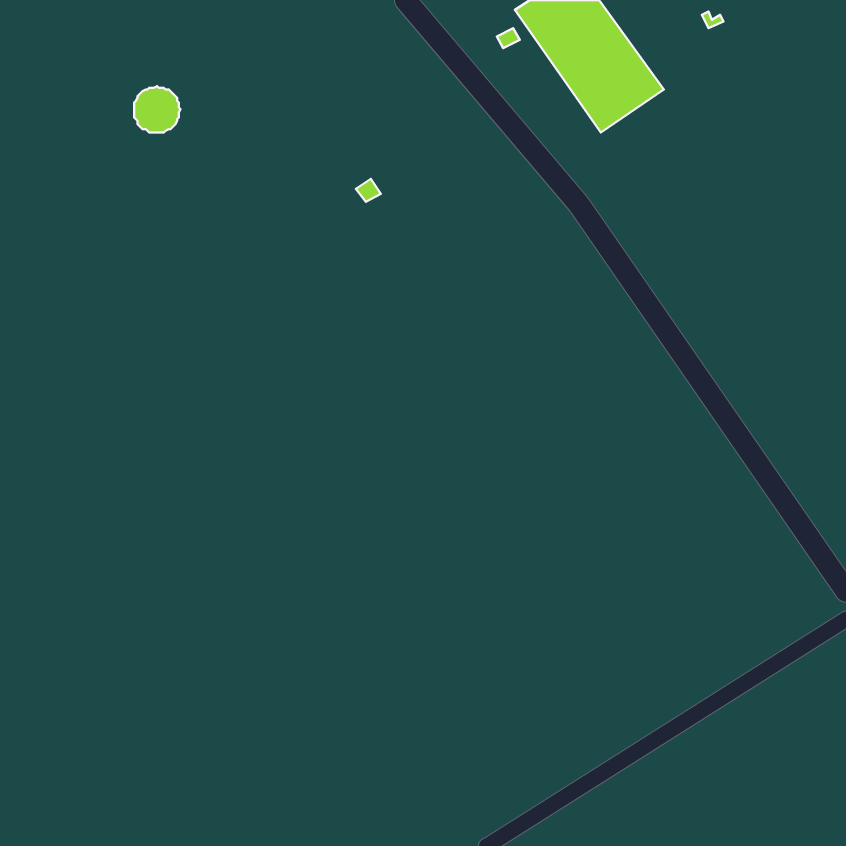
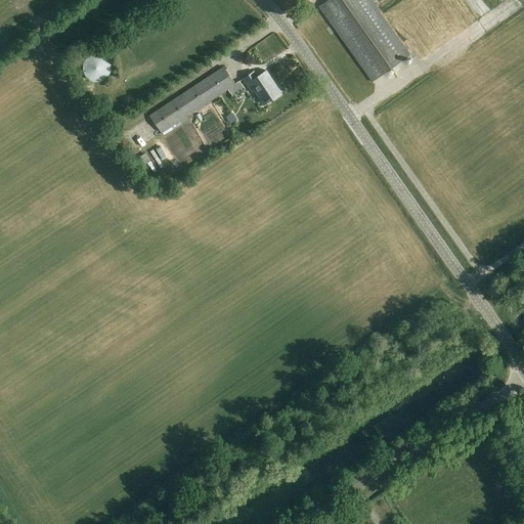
building: none -> [148,67,244,134]
building: none -> [246,71,282,102]

